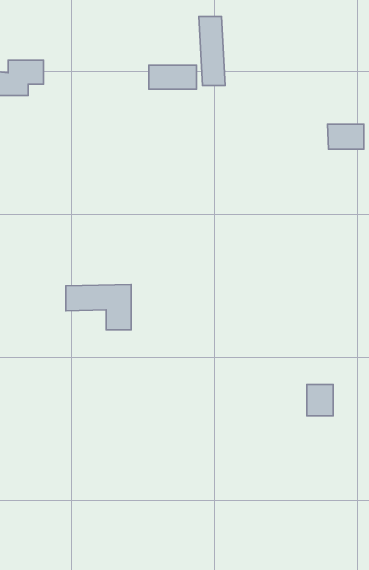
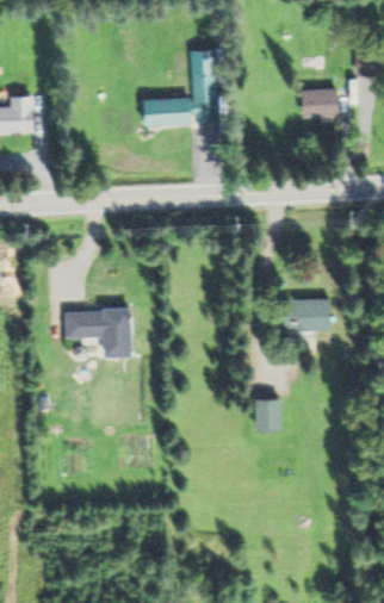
building: [327,124,364,149] -> [302,93,336,117]
building: none -> [289,304,329,330]
building: [307,384,333,416] -> [255,399,280,429]

